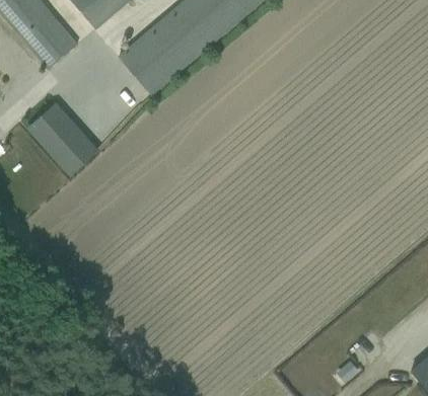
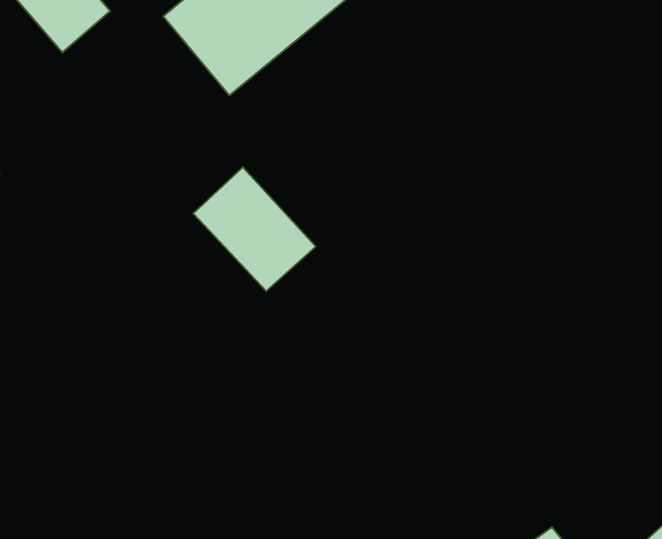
building: [26,98,101,174] -> [193,167,316,291]

